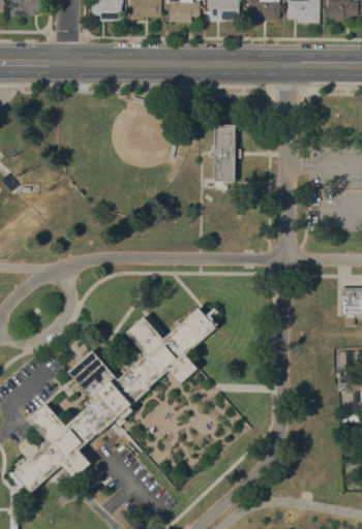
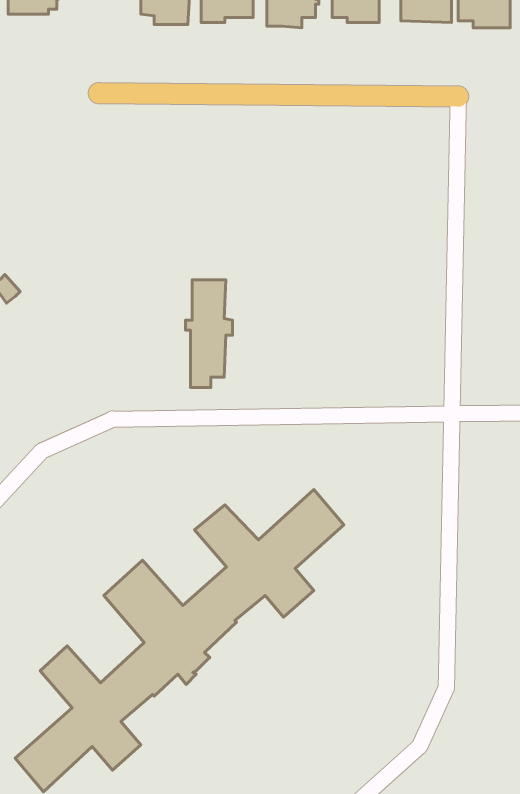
building: [211,122,240,188] -> [186,280,233,387]

